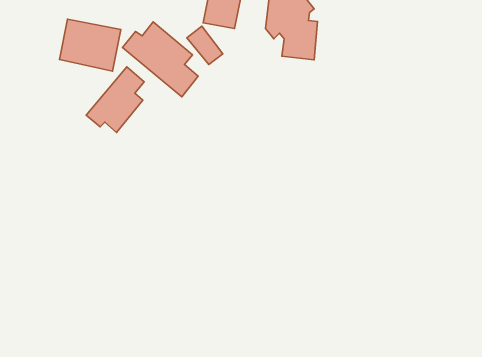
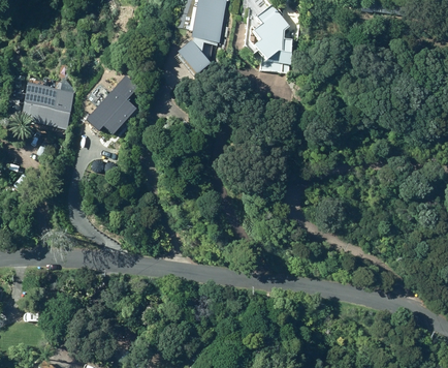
building: [59,19,121,71] -> [21,85,75,131]
building: [122,22,198,97] -> none

